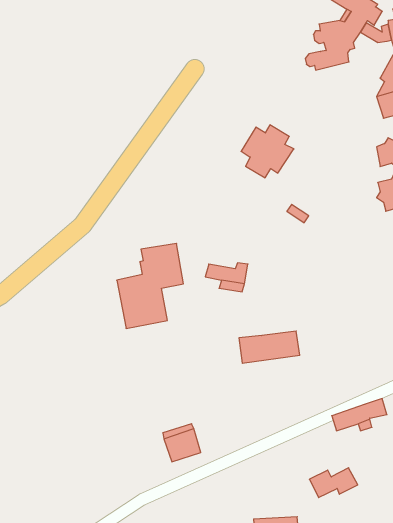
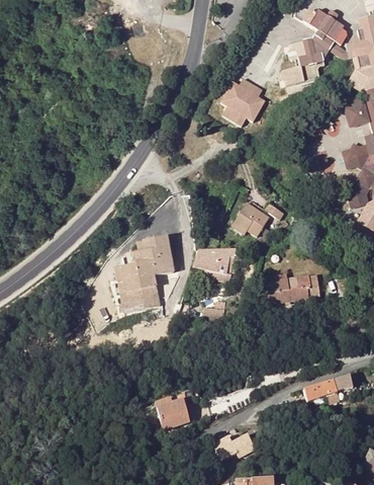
building: [241,125,294,178] -> [220,78,267,125]
building: none -> [231,203,269,236]
building: [239,331,300,363] -> [266,275,319,304]
building: [309,468,358,498] -> [212,433,255,460]

